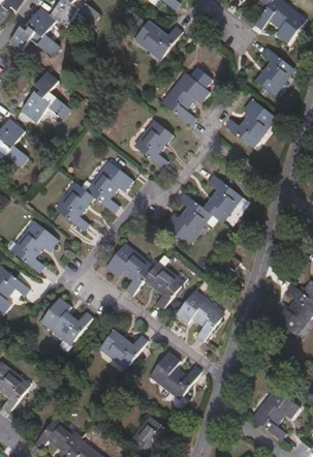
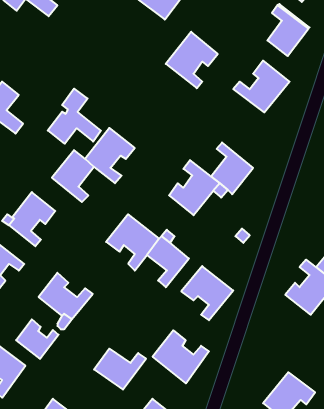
building: [21,70,70,122] -> [48,89,101,144]
building: [133,119,173,169] -> none
building: [99,330,148,368] -> [94,349,146,390]
building: none -> [16,319,59,359]

